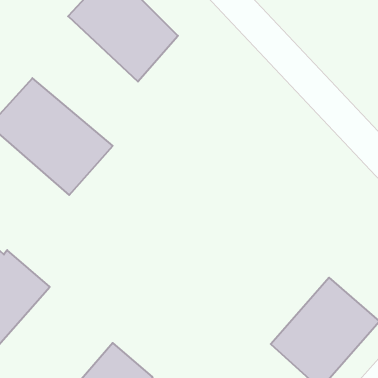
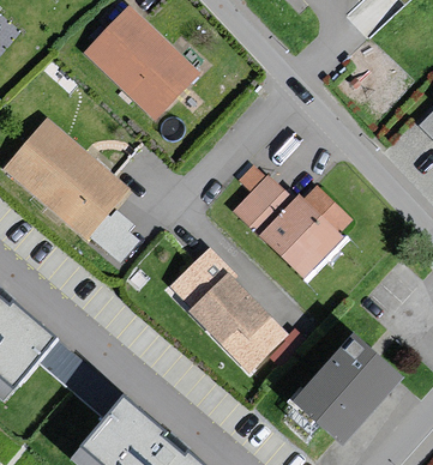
building: none -> [228,173,350,277]
building: none -> [164,247,287,376]

